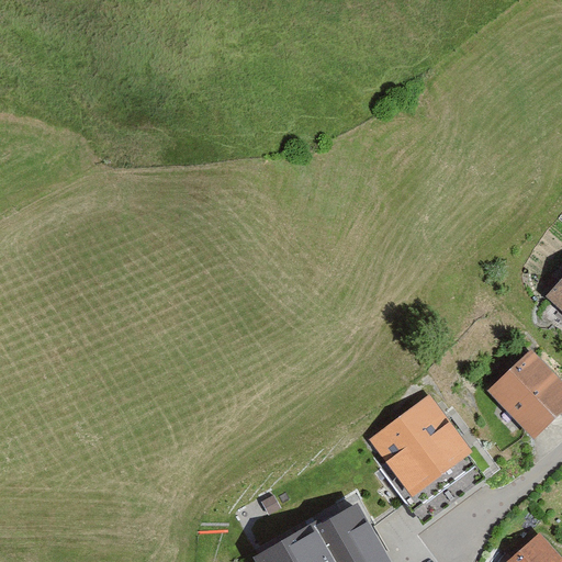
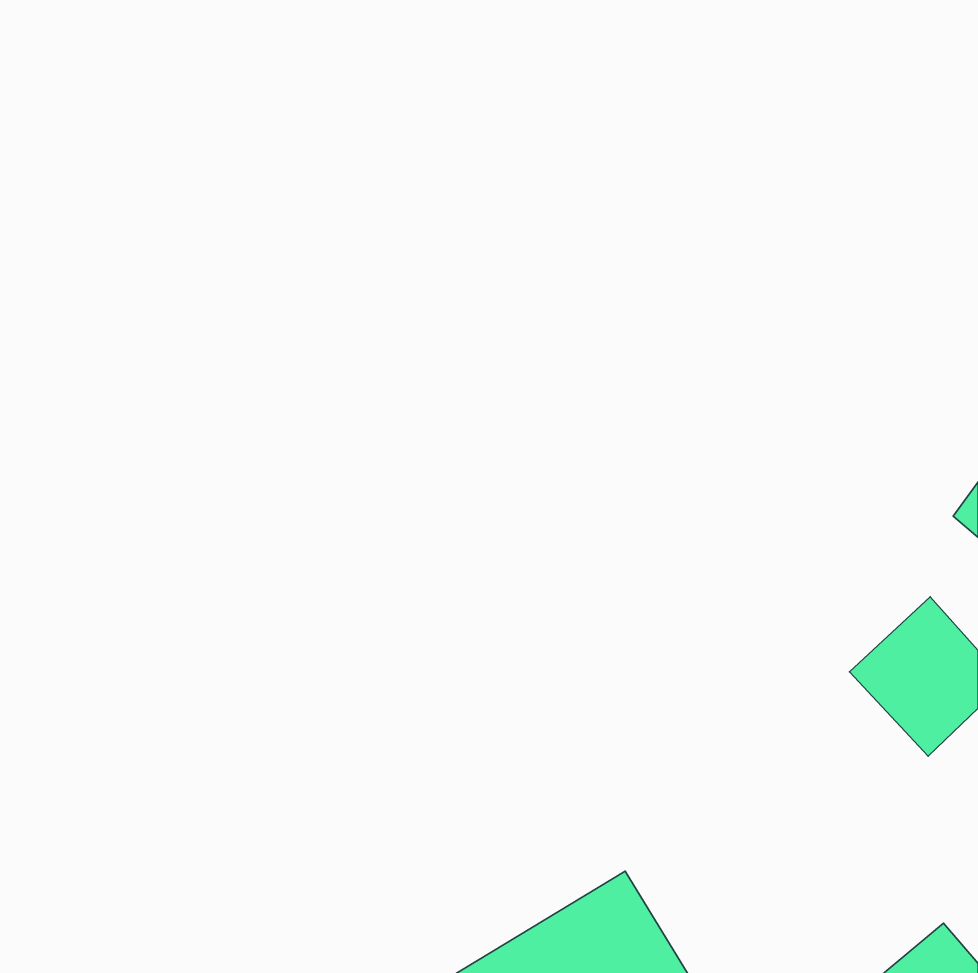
building: [368,397,471,498] -> none

